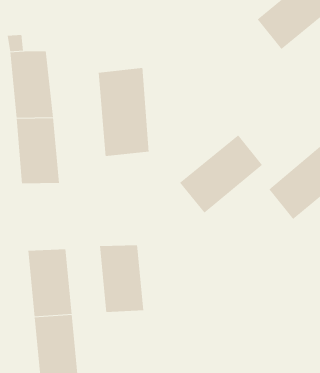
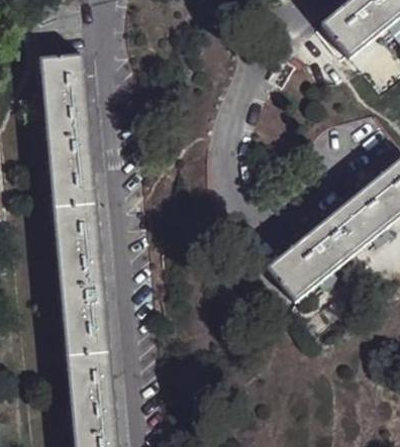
building: [98,67,149,157] -> none
building: [179,134,263,214] -> [264,216,358,305]
building: [99,245,144,312] -> [53,209,103,285]

